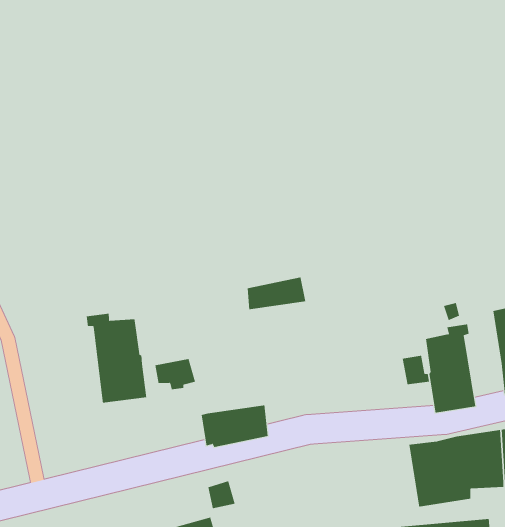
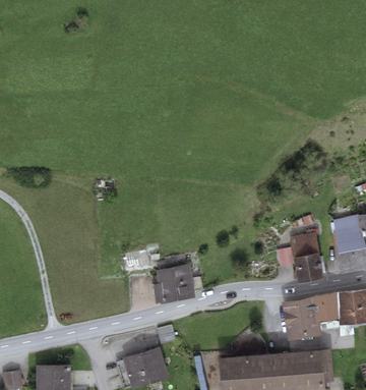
building: [247,277,306,310] -> [157,263,193,283]
building: [86,313,147,403] -> none

